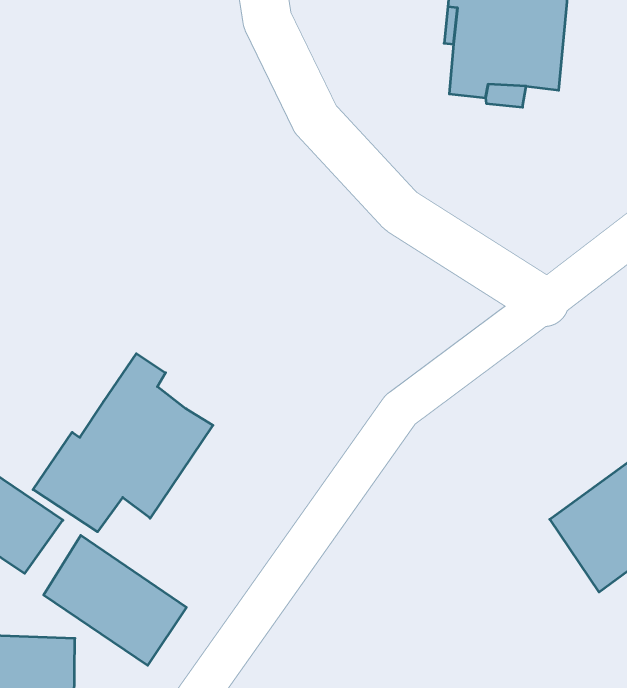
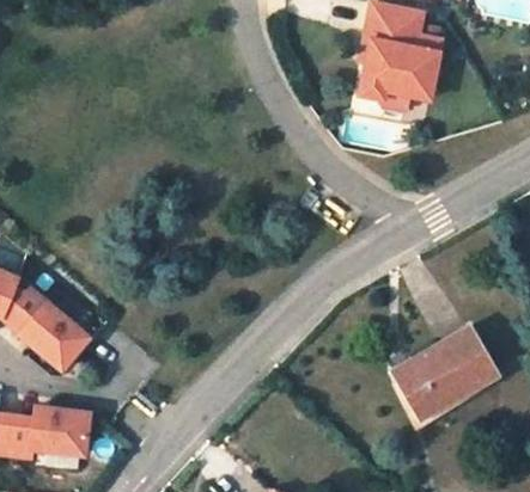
building: [33,354,213,532] -> none
building: [44,535,186,665] -> none

